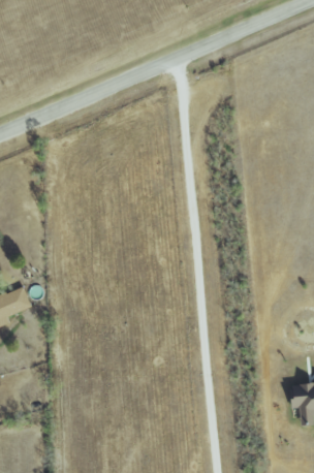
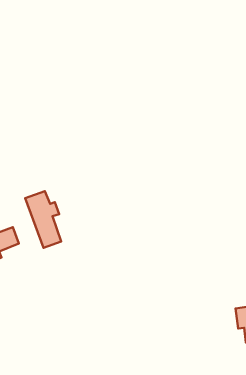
building: none -> [25,191,61,248]

